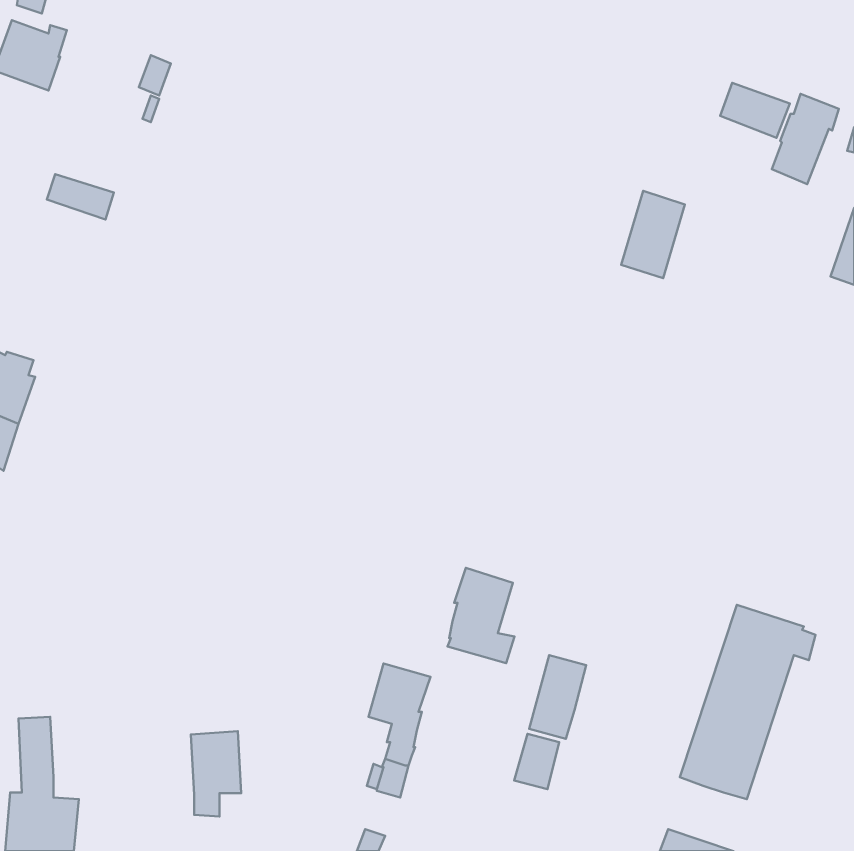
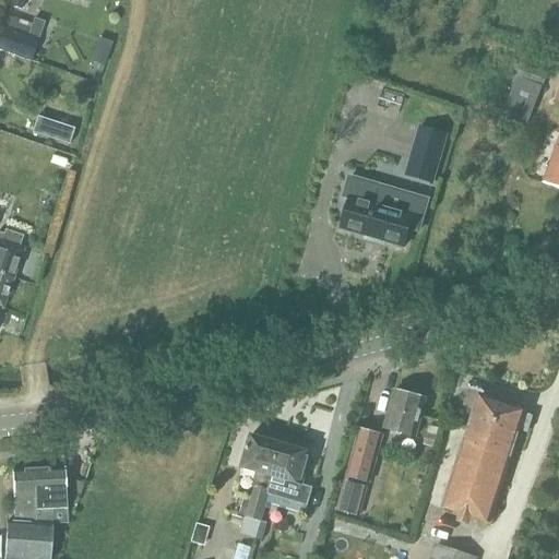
building: [720,83,790,138] -> none
building: none -> [341,175,428,245]
building: [447,568,514,663] -> [269,441,312,503]
building: none -> [383,389,425,433]
building: [191,731,241,817] -> [33,465,66,521]

